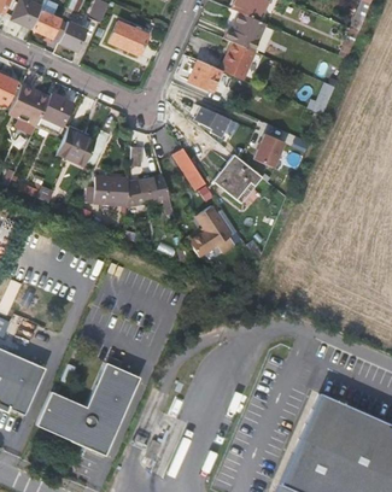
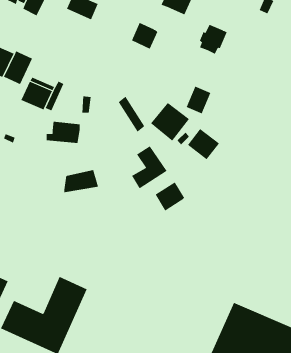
building: [224,43,258,80] -> [199,24,227,55]
building: [189,104,229,136] -> none
building: [127,180,169,207] -> [63,170,99,193]
building: none -> [187,128,220,160]
building: none -> [155,181,185,211]

